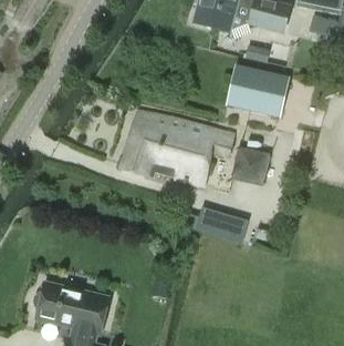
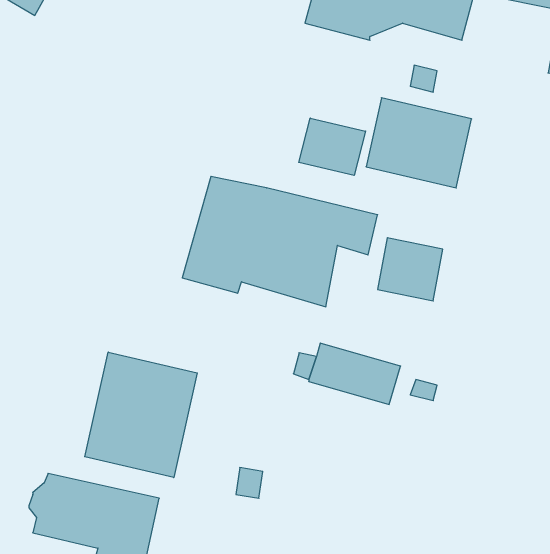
building: none -> [299,118,366,175]
building: none -> [85,352,197,478]

